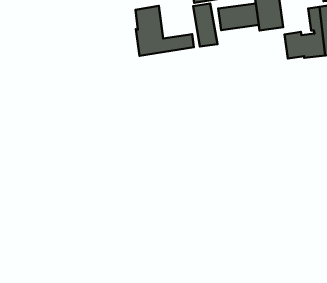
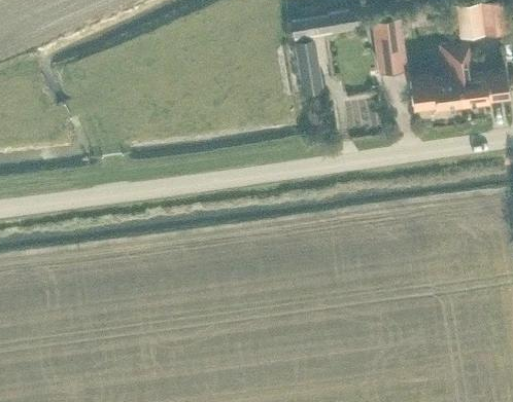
building: [218,3,259,30] -> none
building: [135,6,194,56] -> none

